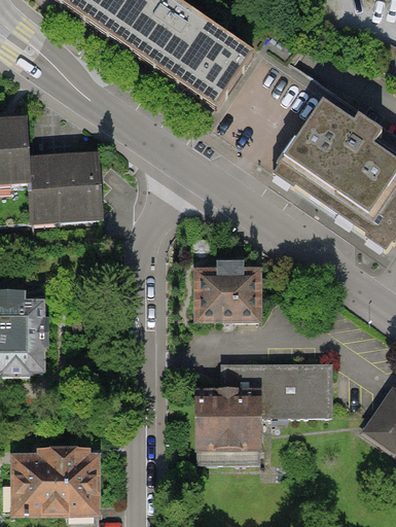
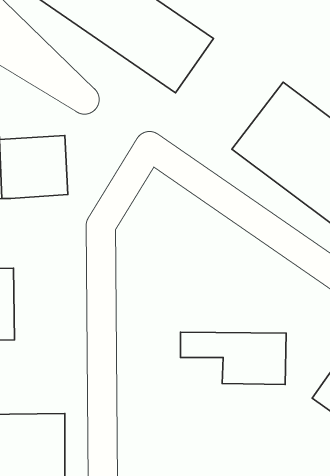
building: [194,260,264,317] -> none
building: [192,387,267,462] -> none

